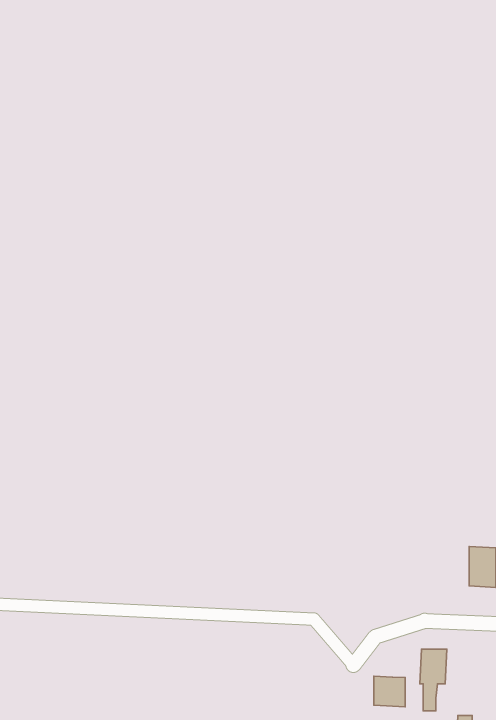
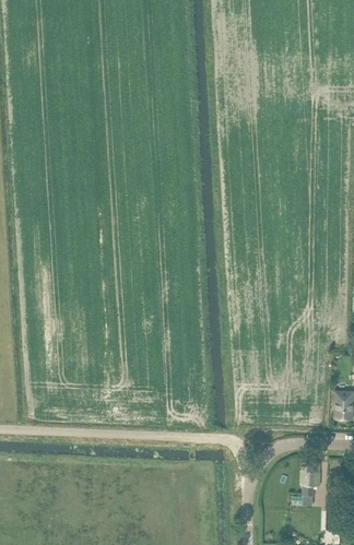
building: [374,676,405,707] -> none

